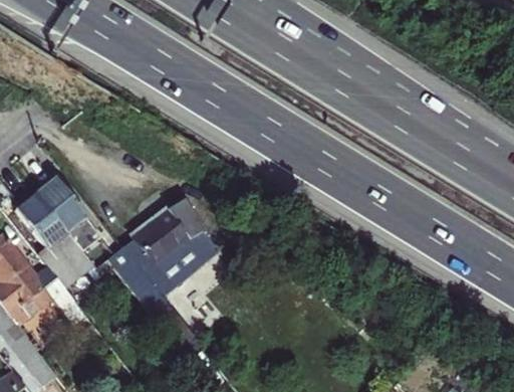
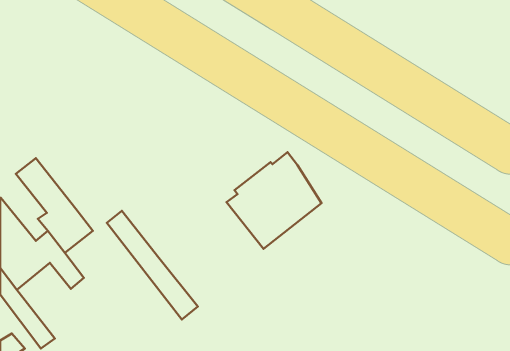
building: [36,179,95,245] -> none
building: [122,197,218,295] -> [226,152,321,249]

